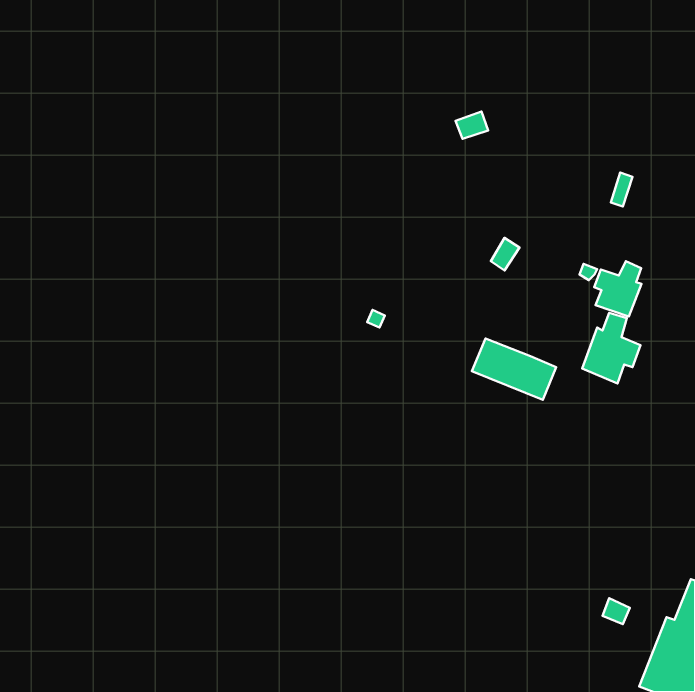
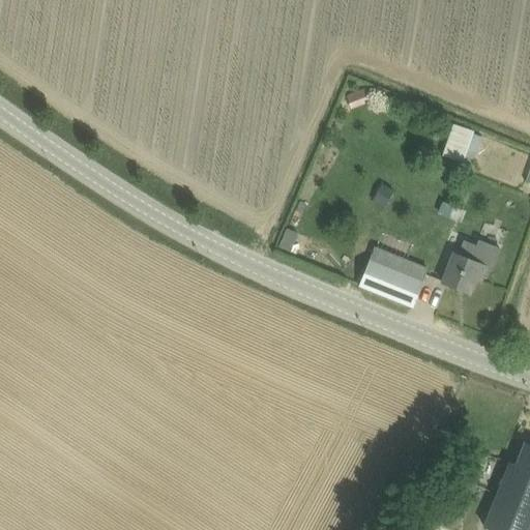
building: [594,261,641,316] -> none

